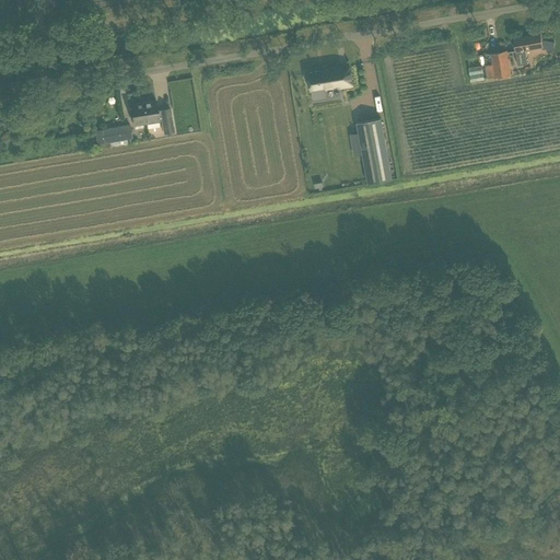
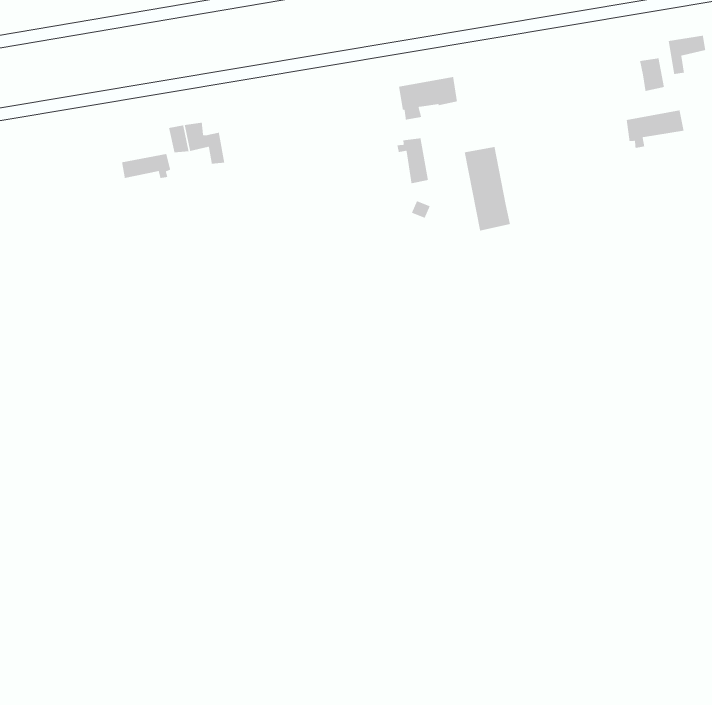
building: none -> [626,110,684,149]
building: none -> [396,138,429,184]

